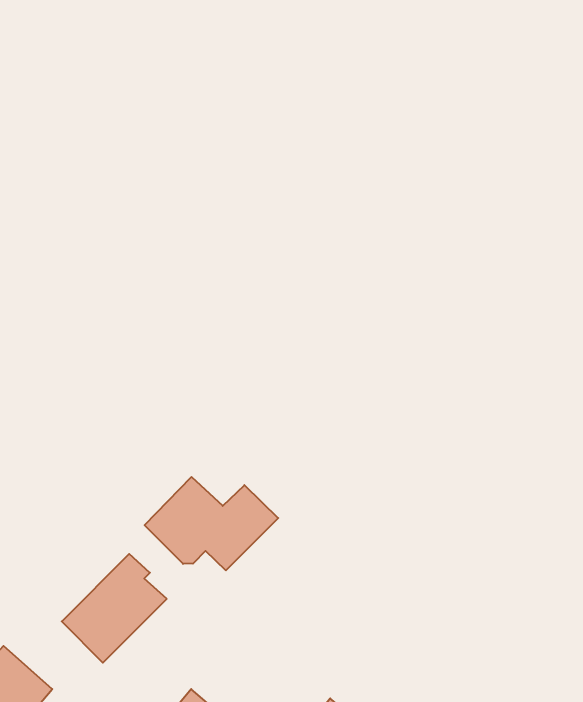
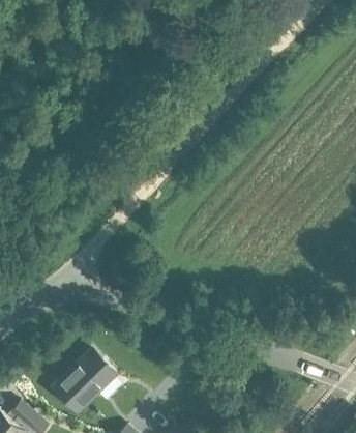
building: [145,477,278,570] -> none

